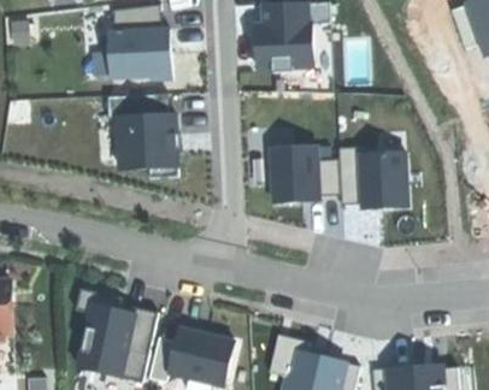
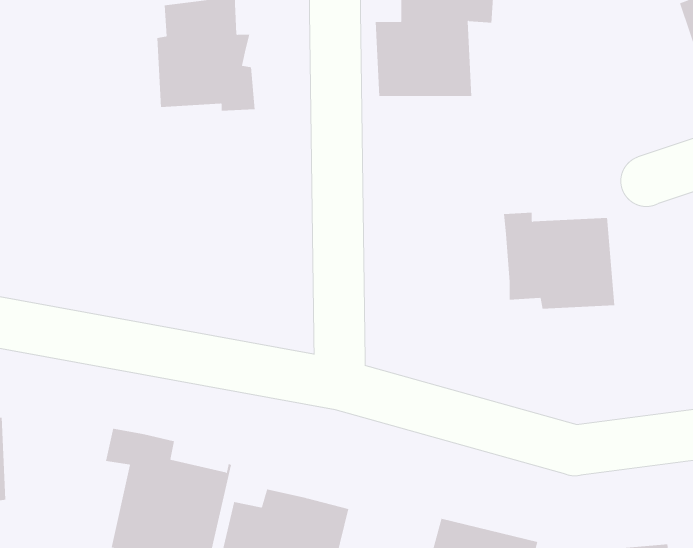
building: [105,93,177,177] -> none
building: [267,143,338,205] -> none

